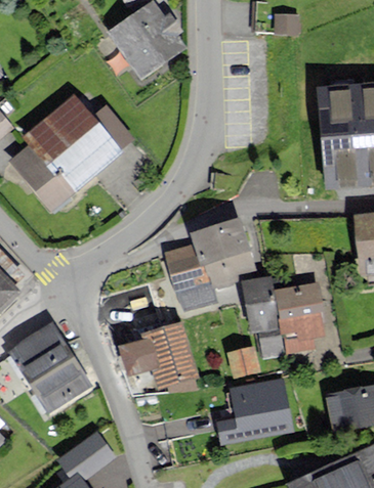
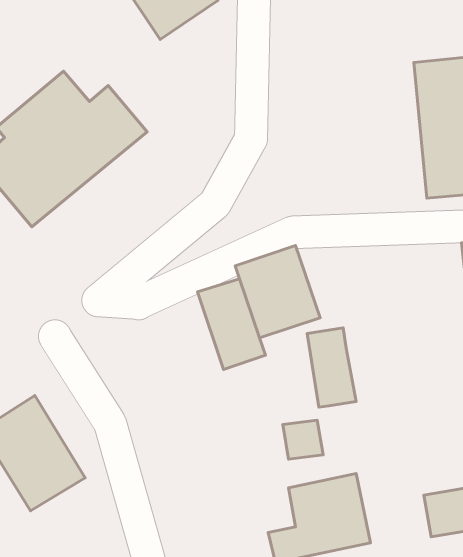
building: [260,284,323,356] -> none
building: [123,324,194,384] -> none

